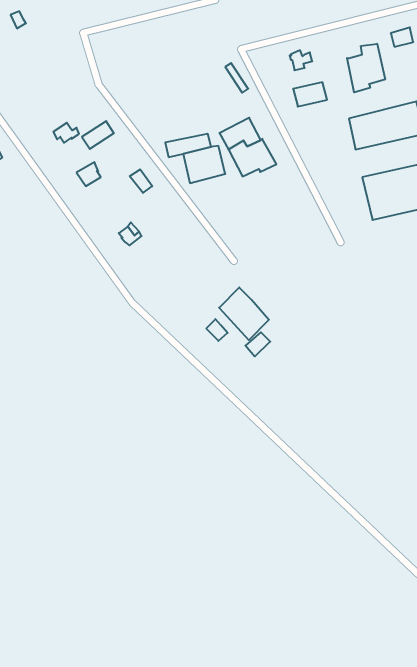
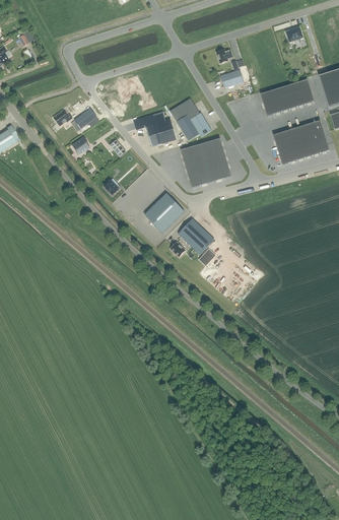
building: [347,44,385,92] -> none
building: none -> [181,137,231,187]
building: none -> [144,193,184,232]

